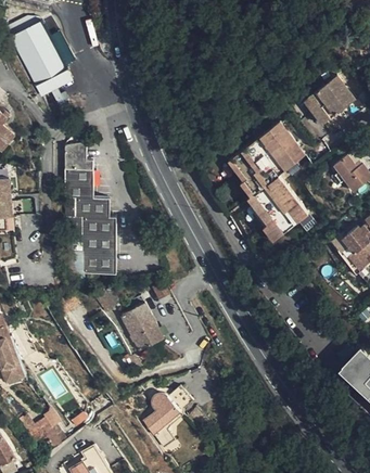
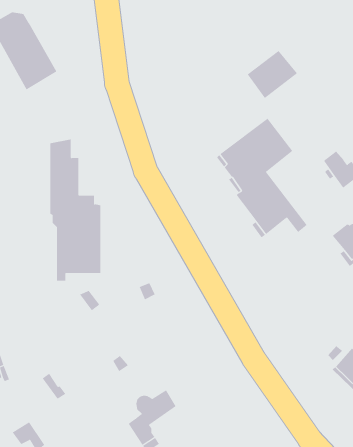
building: [304,76,354,124] -> [247,50,298,99]
building: [119,295,163,351] -> none

